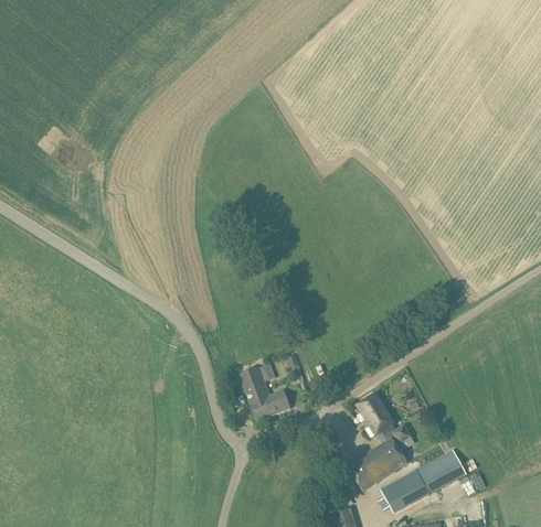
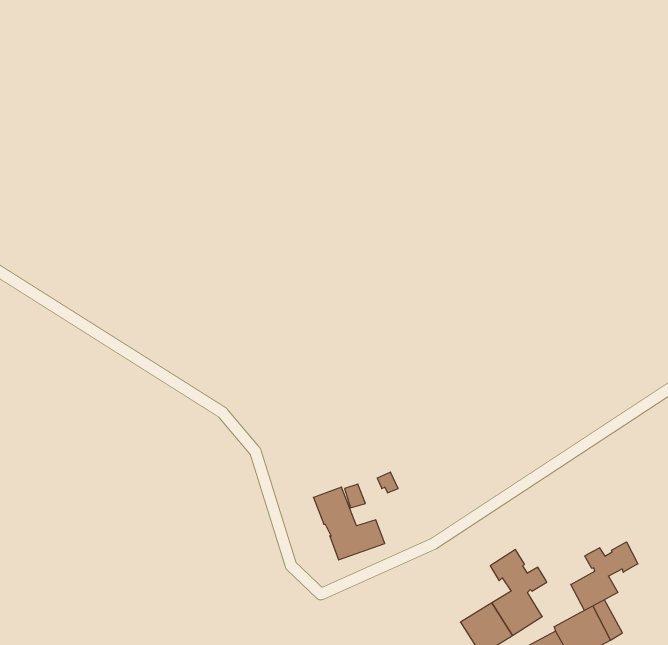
building: [356,392,386,423] -> none
building: none -> [571,542,638,610]

